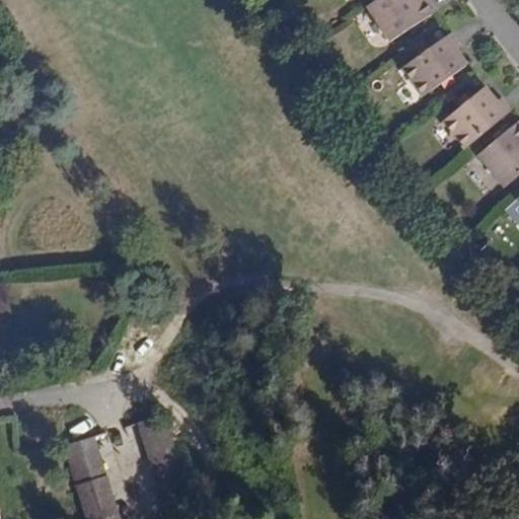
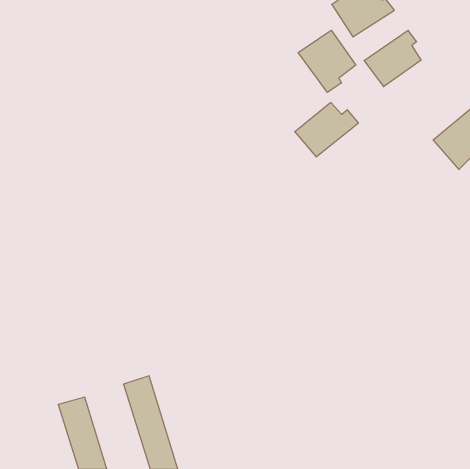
building: none -> [298,30,356,92]
building: [442,88,512,148] -> [295,102,358,157]

